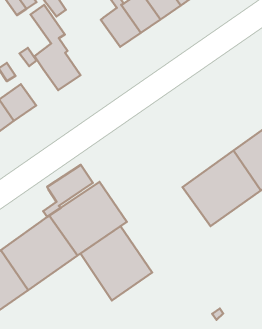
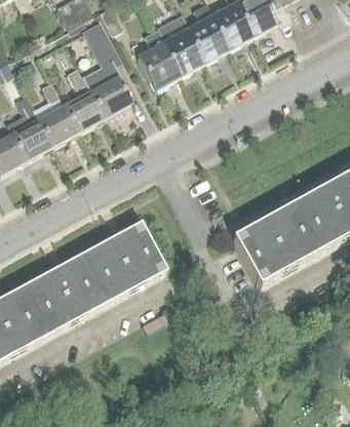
building: none -> [139,26,181,87]
building: none -> [65,89,106,129]
building: [43,165,93,217] -> none
building: [80,226,152,300] -> none

